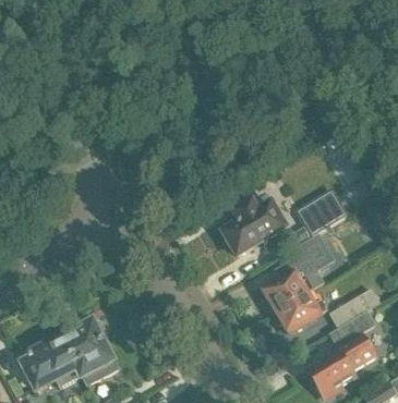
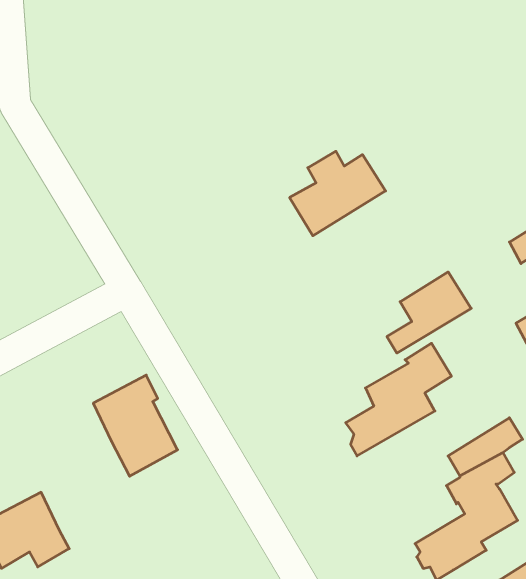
building: [221,199,285,255] -> [290,151,386,236]
building: [269,288,327,332] -> none
building: [61,318,117,384] -> [93,375,178,476]

